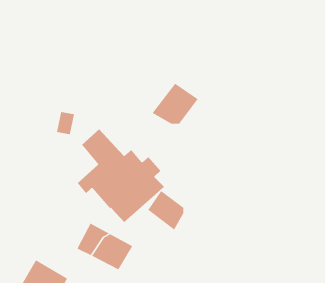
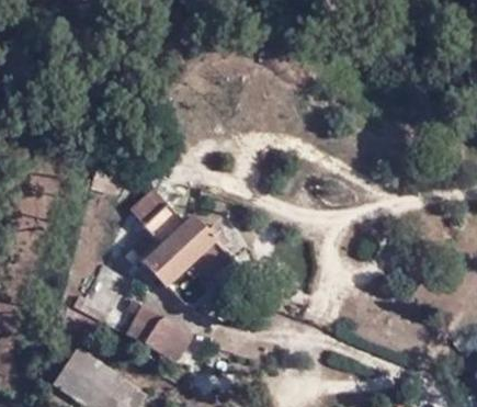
building: [152,83,199,125] -> none
building: [148,190,184,230] -> none

